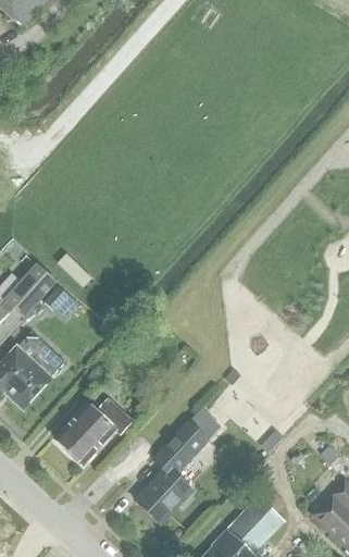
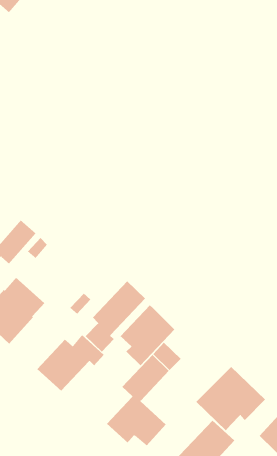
building: none -> [85,280,146,353]
building: none -> [120,305,175,366]
building: none -> [195,366,266,431]

